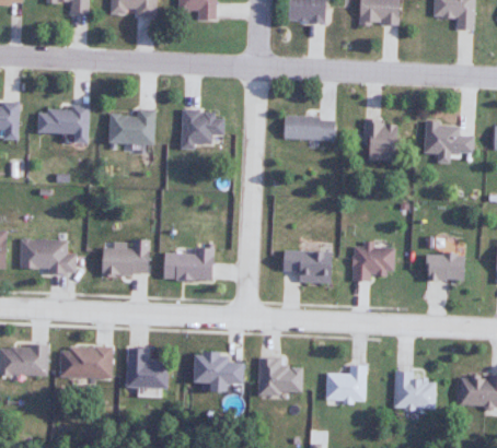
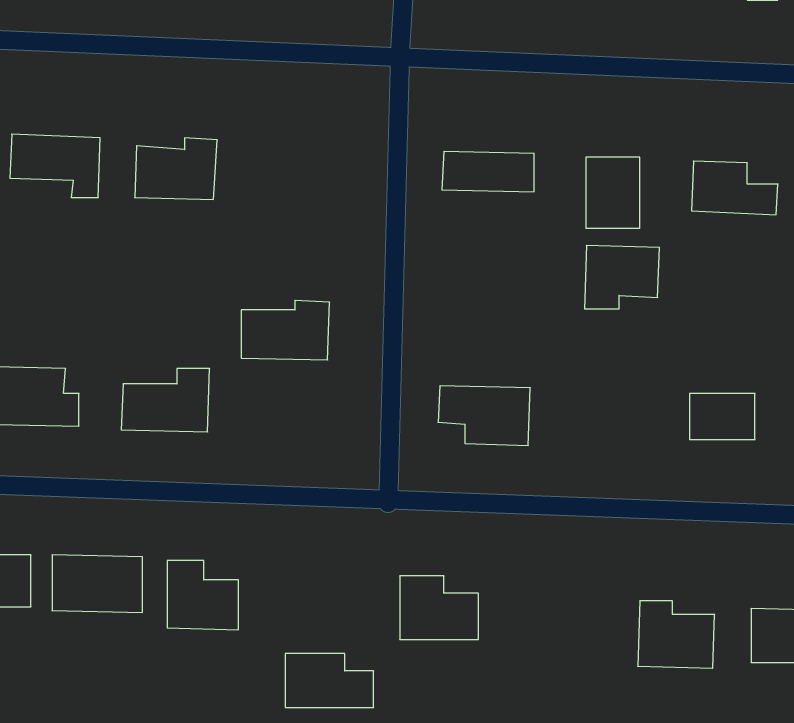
building: [180,110,223,146] -> none
building: [352,246,395,282] -> [585,245,659,309]
building: [162,248,212,282] -> [241,300,330,360]
building: [192,353,242,384] -> [285,654,374,707]
building: [325,366,365,401] -> none

